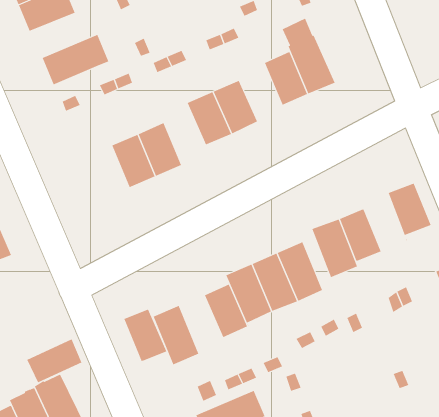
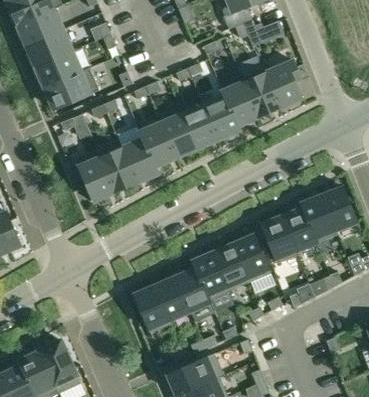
building: none -> [34,51,89,87]
building: none -> [262,61,300,107]
building: none -> [202,91,238,138]
building: none -> [139,123,175,173]
building: none -> [74,148,114,200]
building: none -> [300,195,336,242]
building: [124,309,167,368] -> [154,277,189,324]
building: [27,339,82,383] -> none

